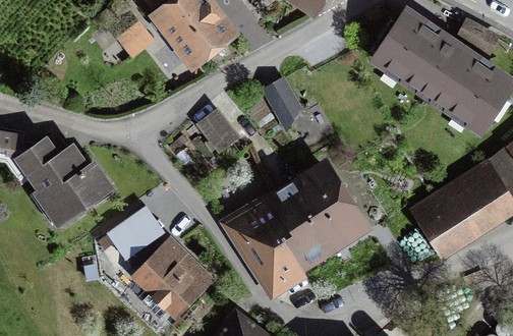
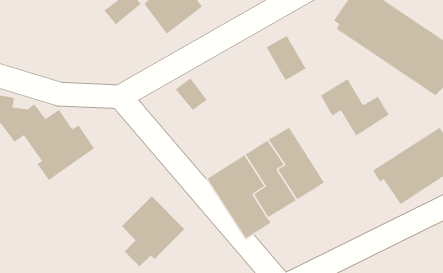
building: [264,73,308,123] -> [266,35,307,81]
building: none -> [320,78,389,136]
building: [107,204,167,261] -> none

